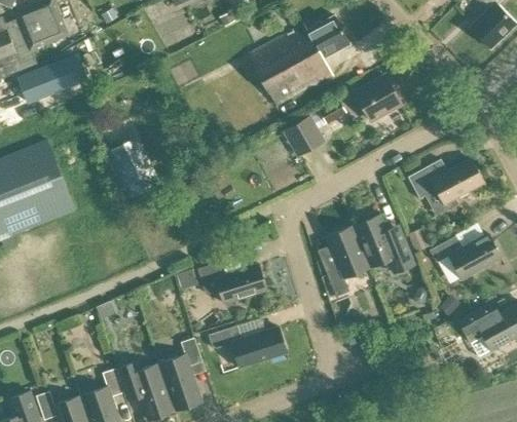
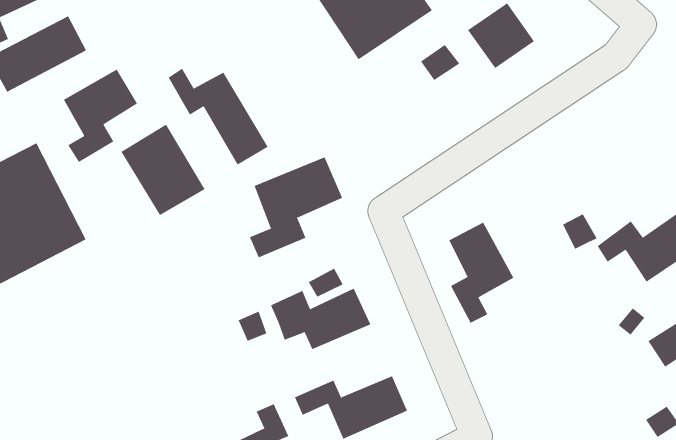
building: none -> [63,69,138,163]
building: none -> [168,68,269,165]
building: [285,116,325,157] -> none
building: [408,158,484,217] -> none
building: none -> [249,157,343,258]
building: [353,215,414,272] -> none

